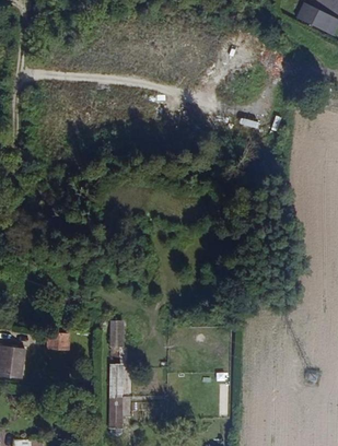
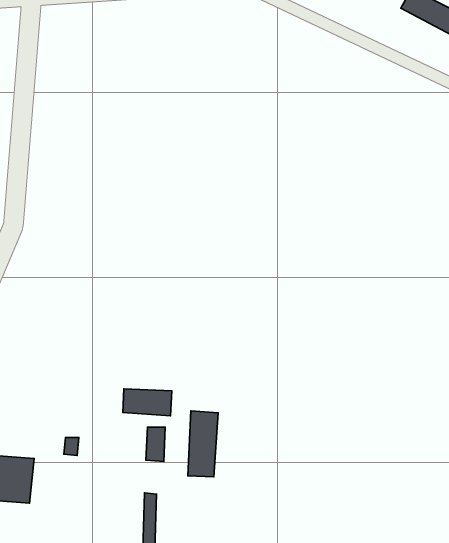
building: none -> [123,389,172,416]
building: none -> [188,411,218,477]

